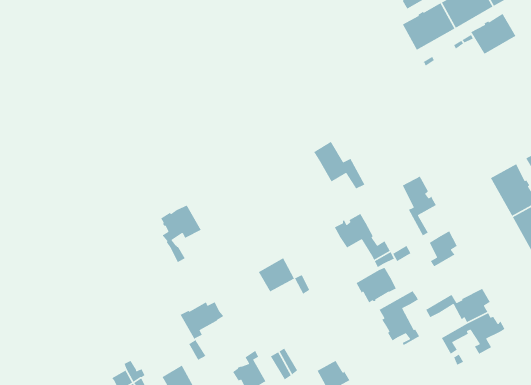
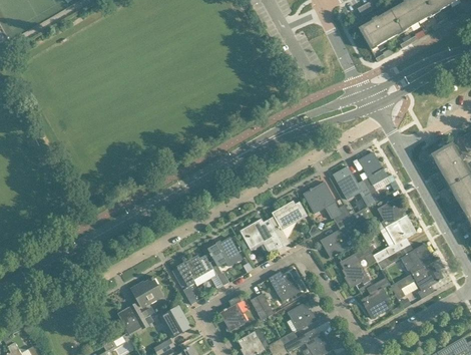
building: [470,13,517,55] -> none
building: [313,141,365,190] -> [332,165,375,206]
building: [160,205,202,263] -> [207,238,242,286]
building: none -> [268,201,307,246]
building: none -> [373,216,415,262]
building: none -> [269,272,299,301]
building: none -> [130,277,161,307]
building: none -> [361,277,389,318]

